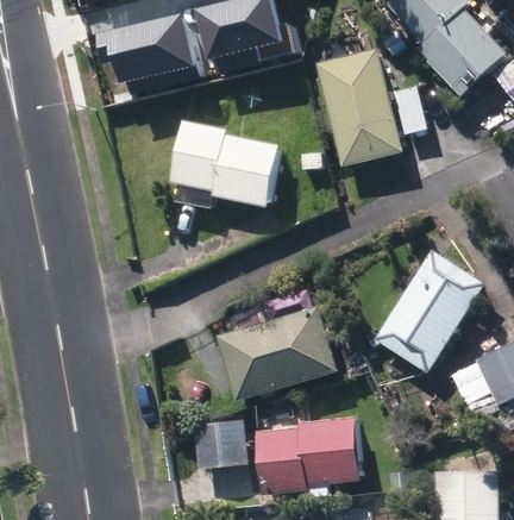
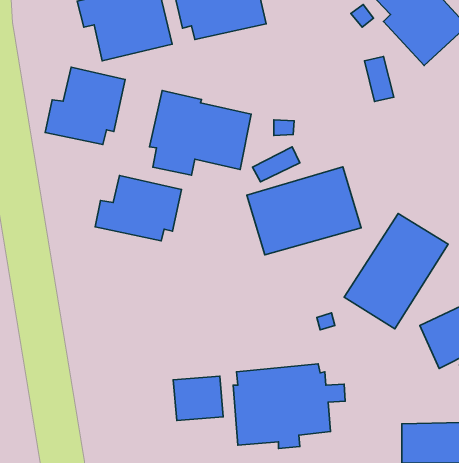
building: [315,49,401,167] -> none
building: none -> [45,67,125,144]
building: none -> [95,175,182,241]
building: [217,307,337,400] -> [247,167,361,255]

